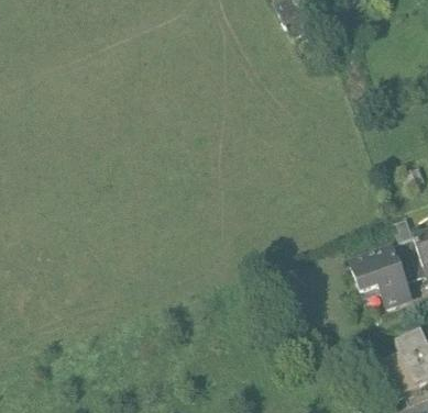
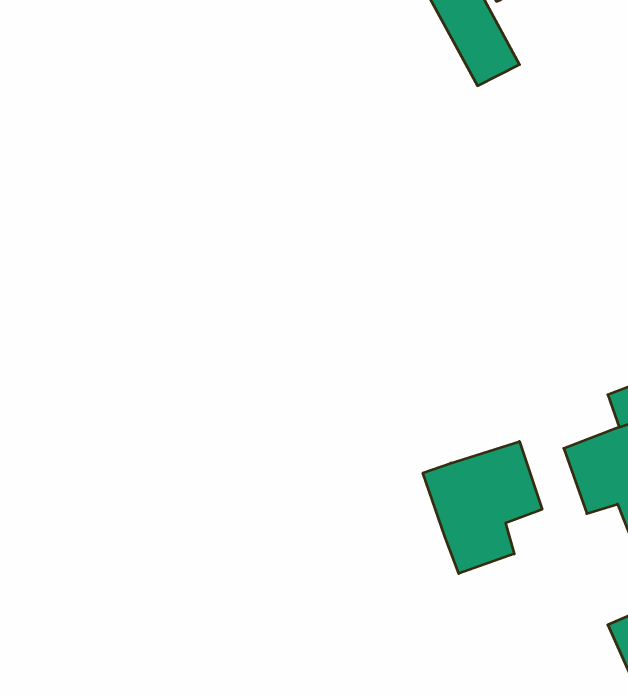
building: none -> [423,441,542,574]

